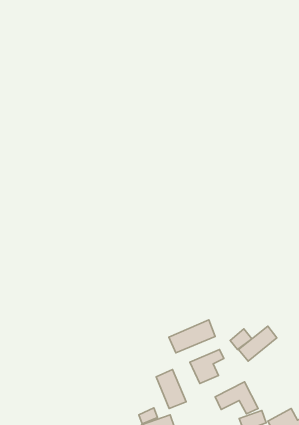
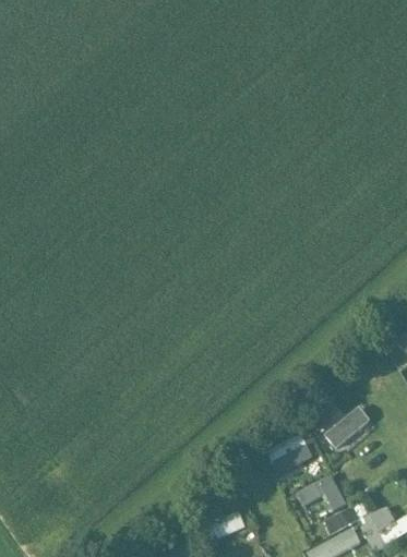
building: [169,320,215,353] -> none
building: [156,370,186,409] -> none

